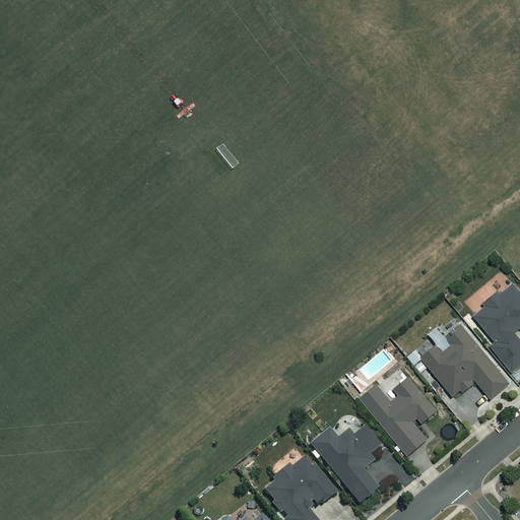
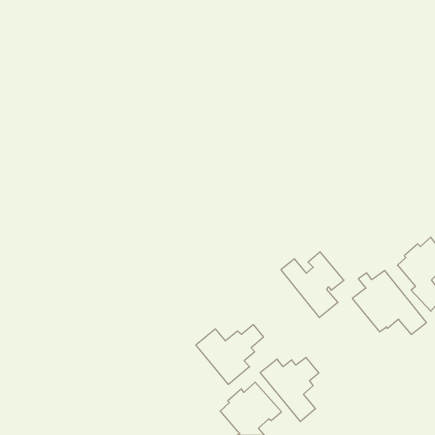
building: [361,376,436,454] -> [281,252,344,318]
building: none -> [196,325,263,384]

